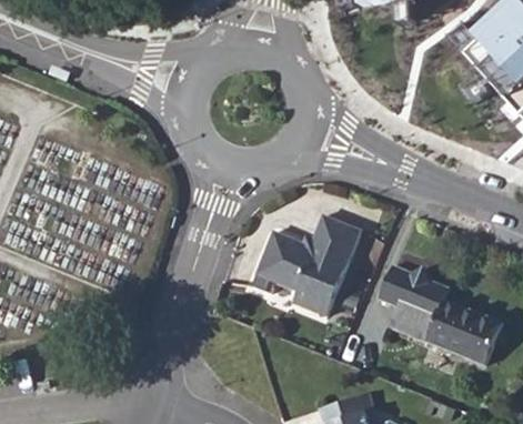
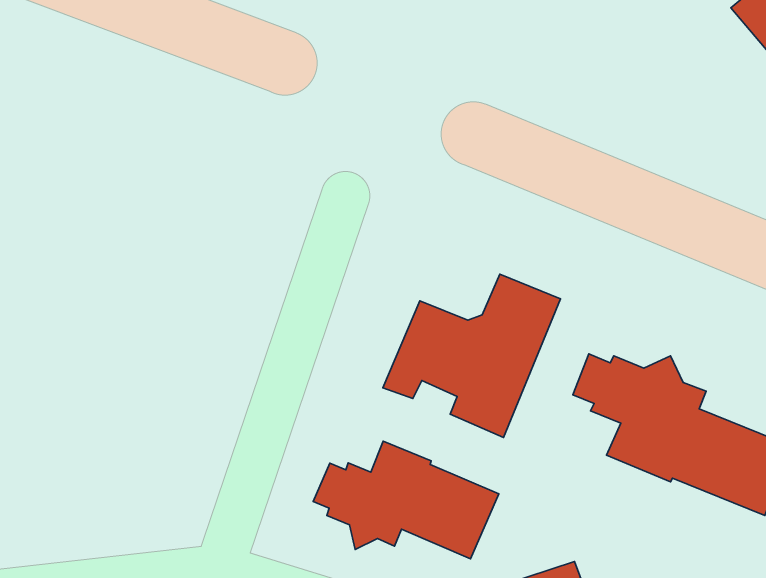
building: none -> [313,441,499,559]

